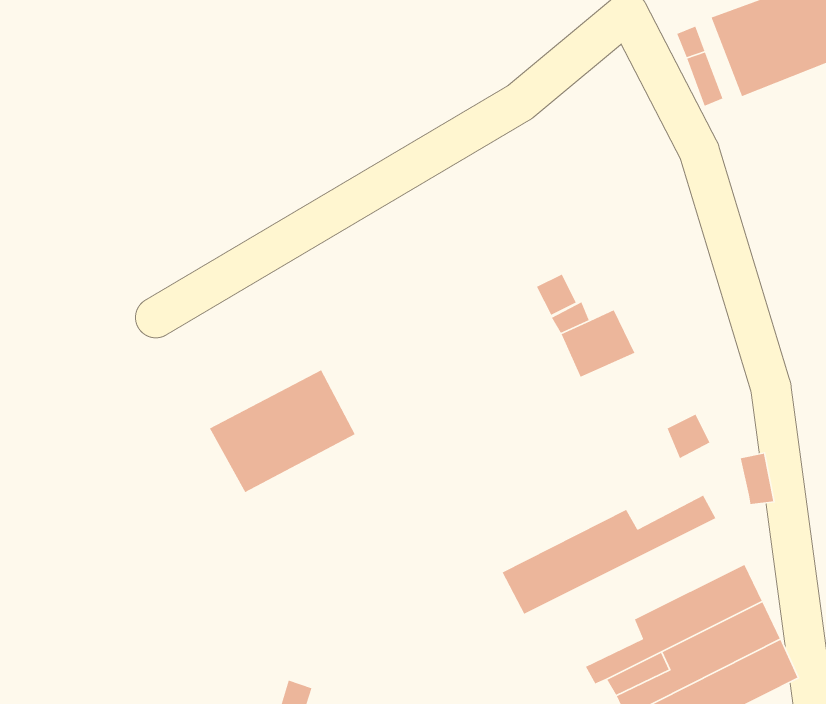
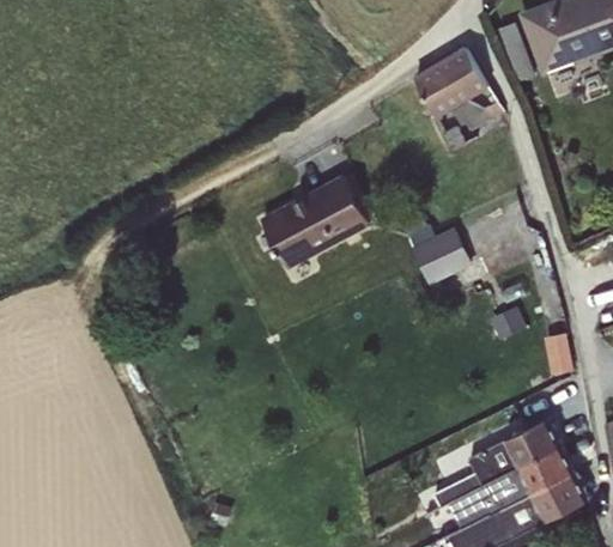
building: none -> [413,48,503,130]
building: [209,369,356,493] -> [261,177,369,268]
building: [501,495,717,615] -> none

